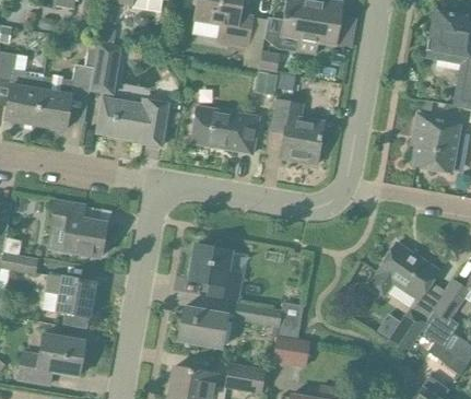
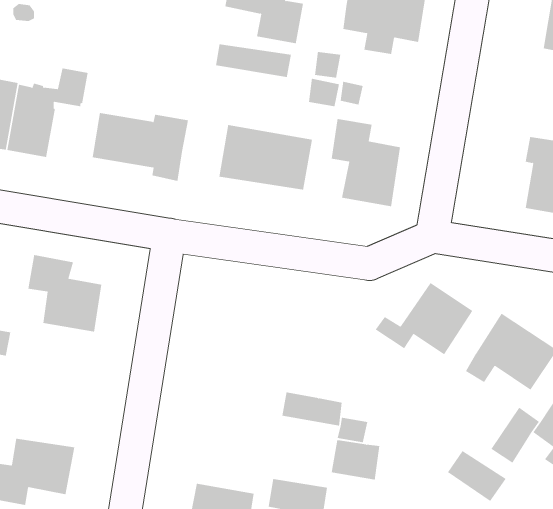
building: [91,42,123,94] -> none
building: none -> [215,43,292,78]
building: none -> [375,282,473,355]
building: [188,244,240,301] -> none
building: [46,274,95,316] -> none
building: [177,306,227,348] -> none
building: none -> [447,450,507,502]

